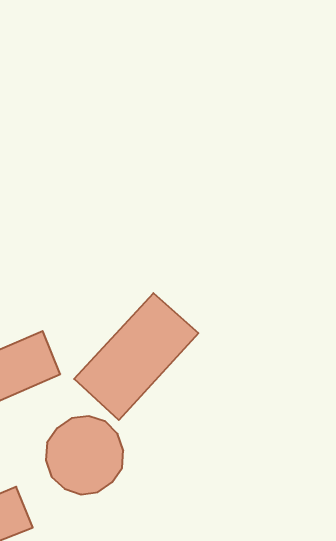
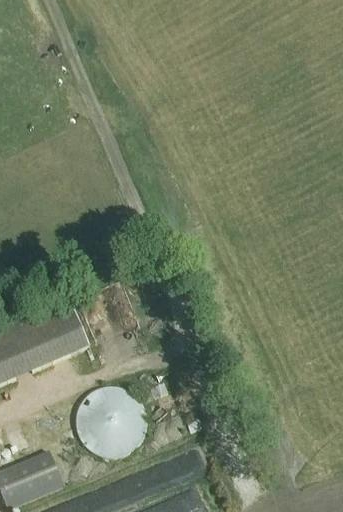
building: [74,293,198,420] -> none

